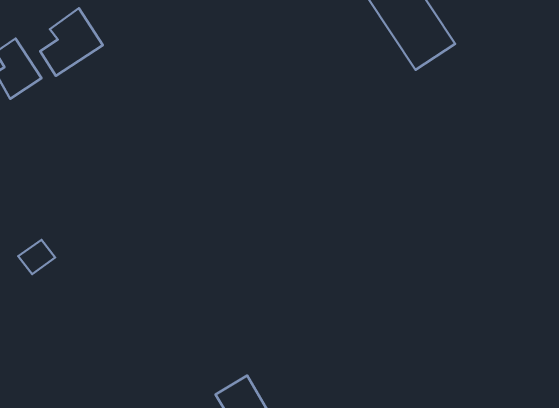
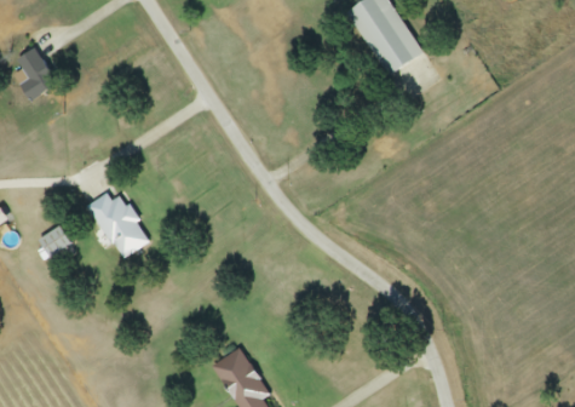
building: [40,8,103,76] -> none
building: none -> [87,193,149,258]

